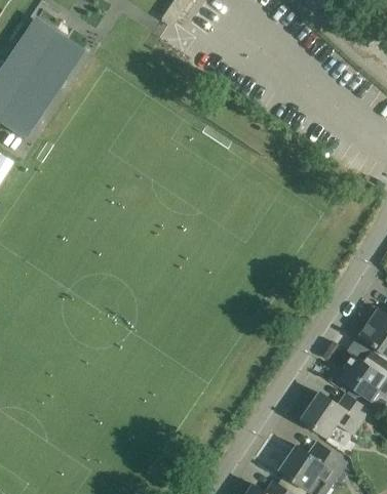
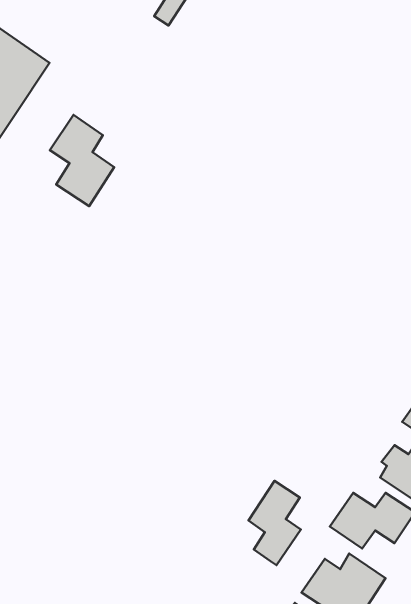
building: none -> [50,115,114,206]
building: none -> [248,481,301,565]

